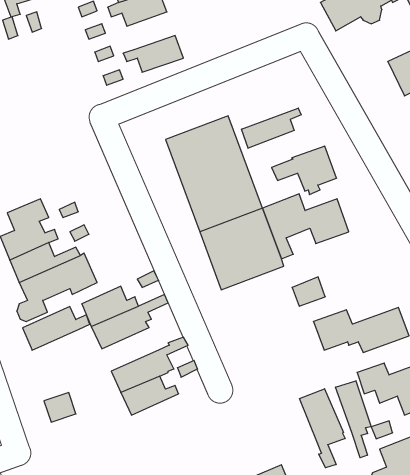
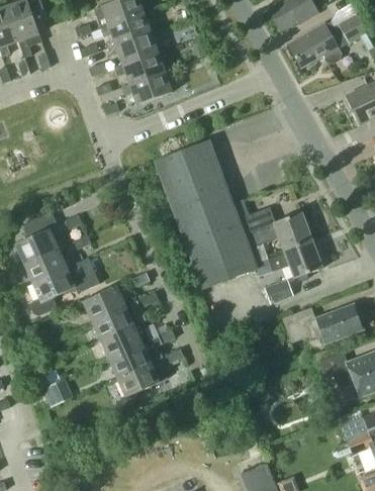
building: none -> [112,53,164,85]
building: [242,108,301,148] -> none
building: [272,146,337,195] -> [267,240,322,282]
building: [23,307,90,350] -> [101,322,159,360]
building: [336,381,371,458] -> none
building: [299,389,345,468] -> none

